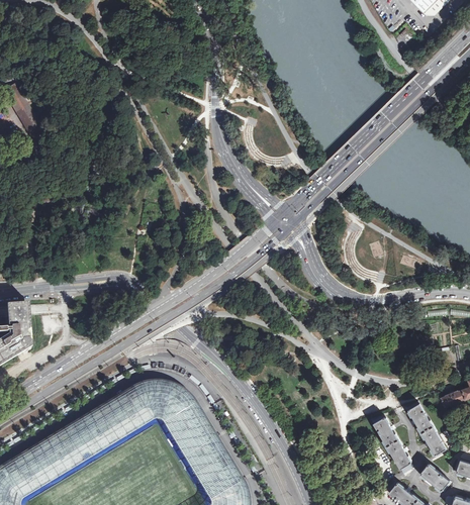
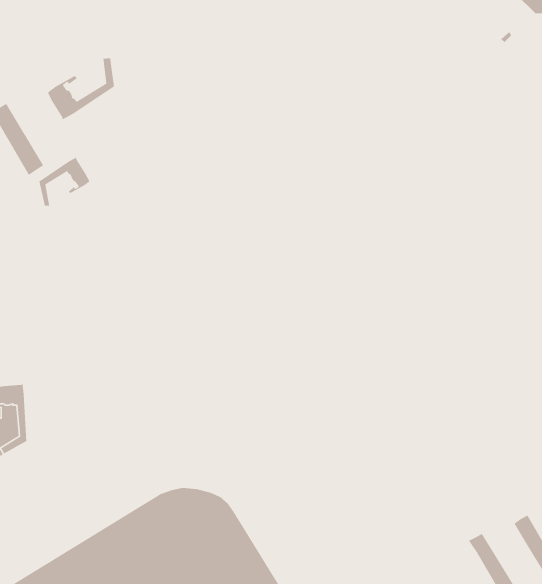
building: none -> [47,58,115,121]
building: none -> [39,156,90,206]

